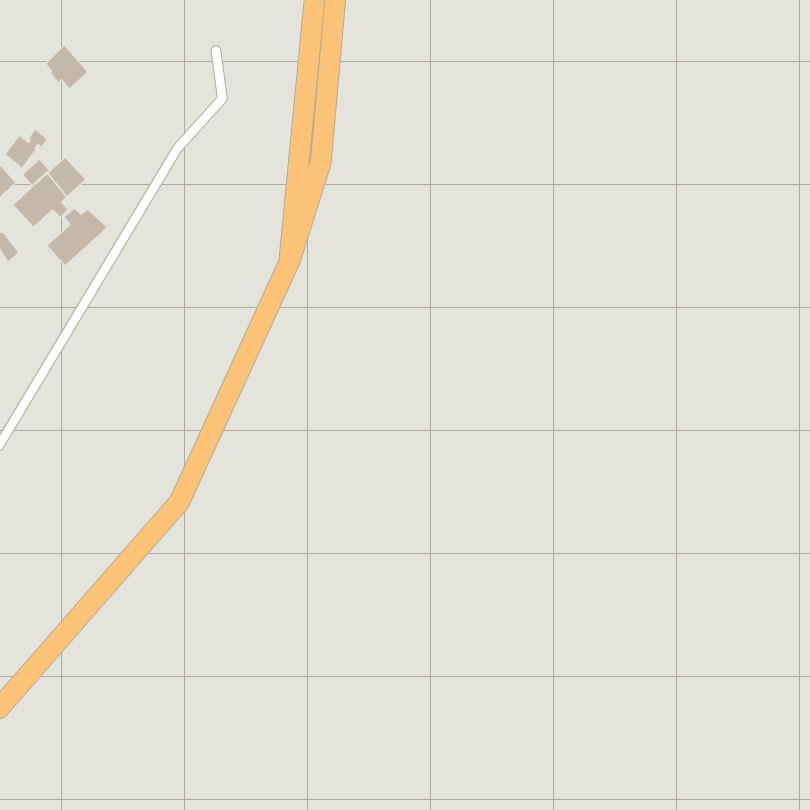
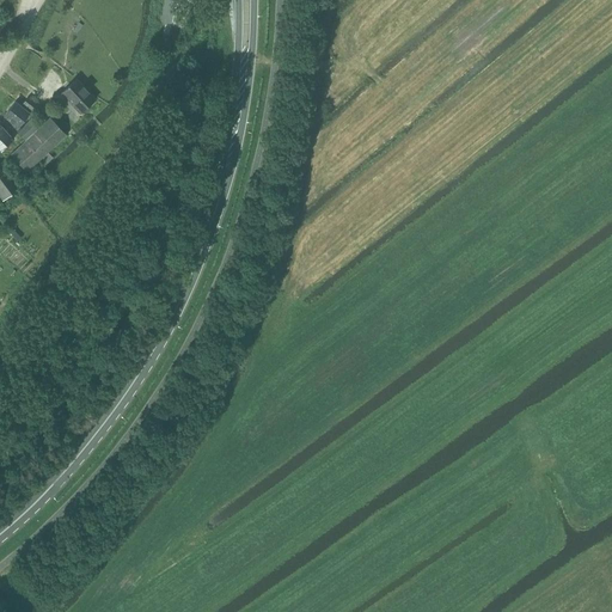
building: [45,45,88,89] -> [61,80,93,114]
building: [47,208,107,266] -> none

